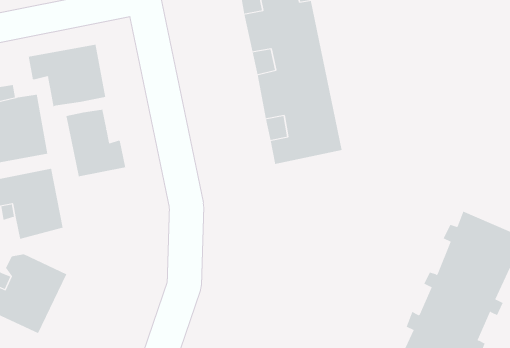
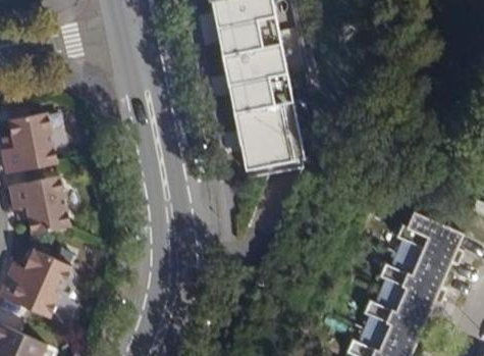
building: [28,44,106,107] -> none
building: [66,108,126,177] -> none

